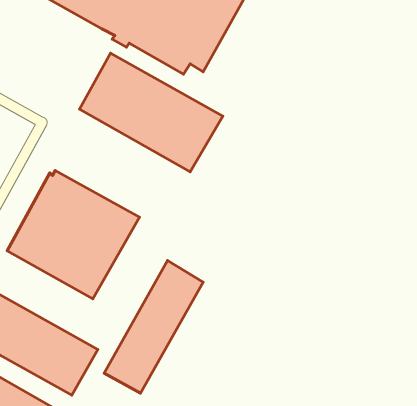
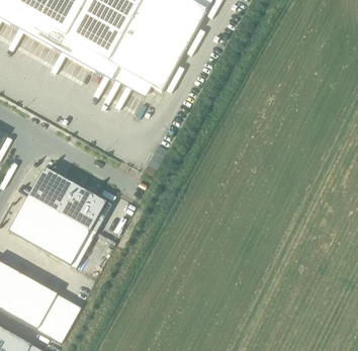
building: [80,53,223,172] -> none
building: [104,261,203,393] -> none

